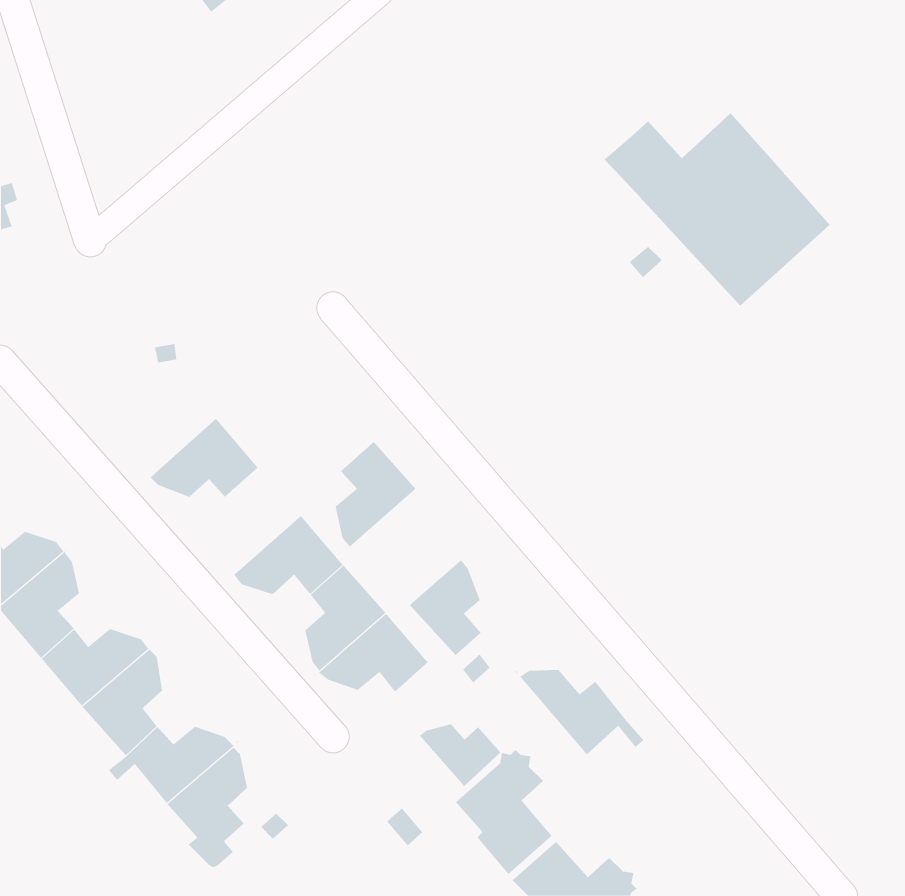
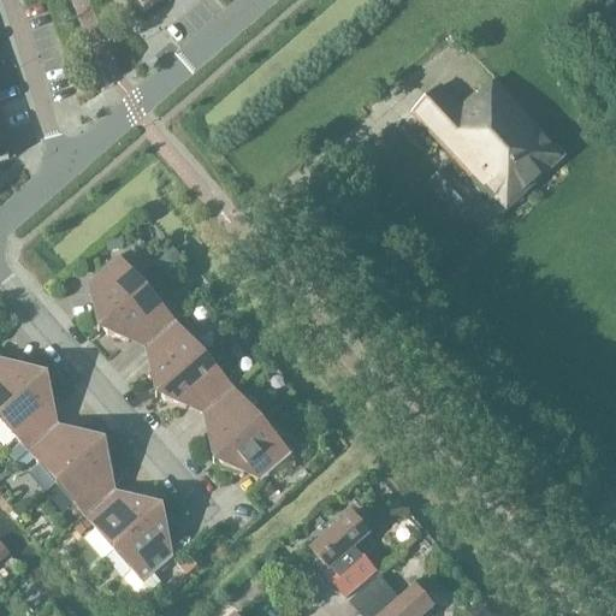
building: none -> [91,251,147,327]
building: [335,441,416,553] -> [149,318,205,393]
building: [409,556,482,656] -> none
building: [515,669,644,755] -> none
building: [416,724,501,787] -> none

